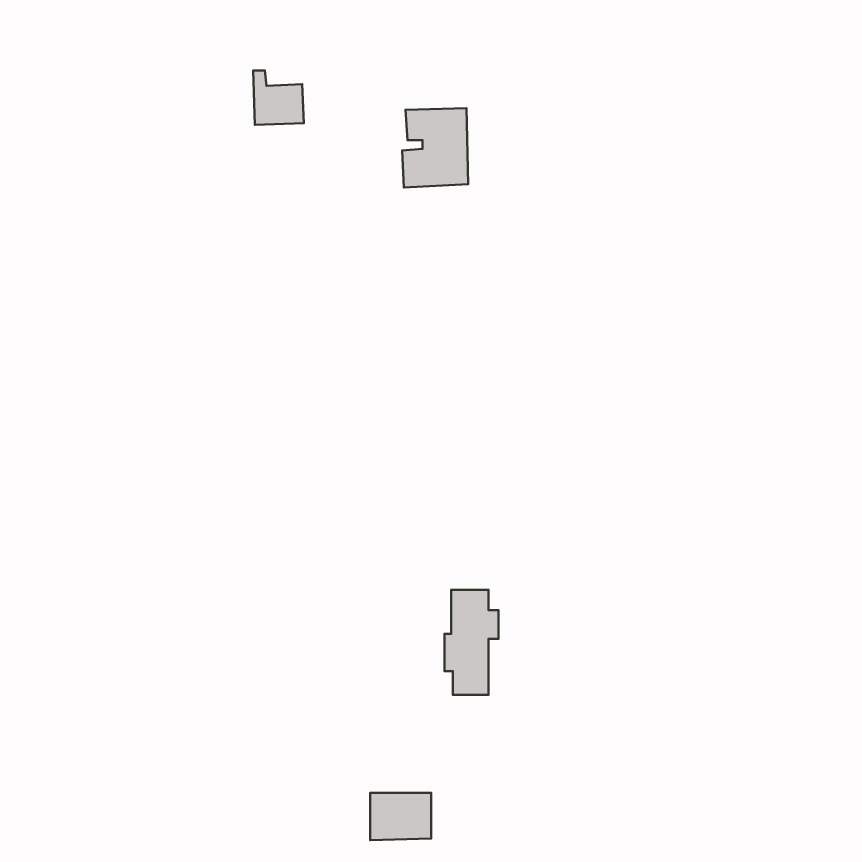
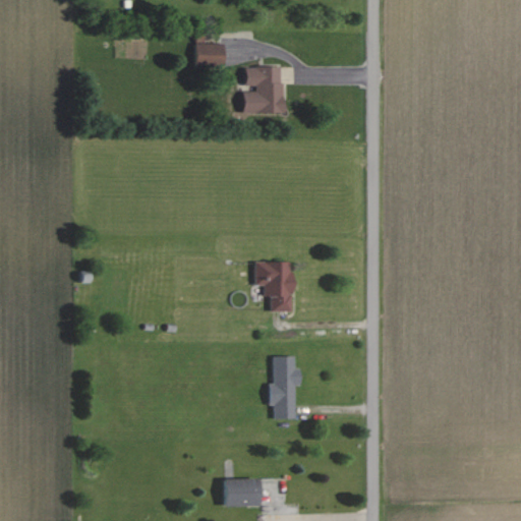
building: [253,71,304,125] -> [194,35,225,67]
building: none -> [254,262,292,311]

